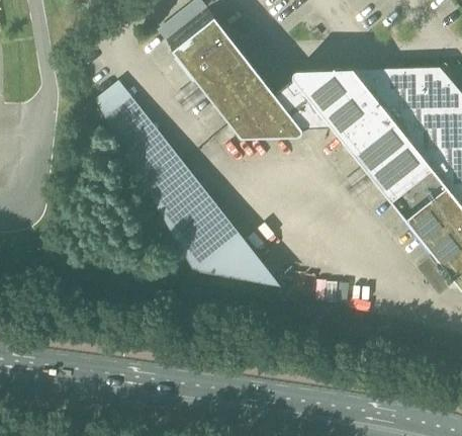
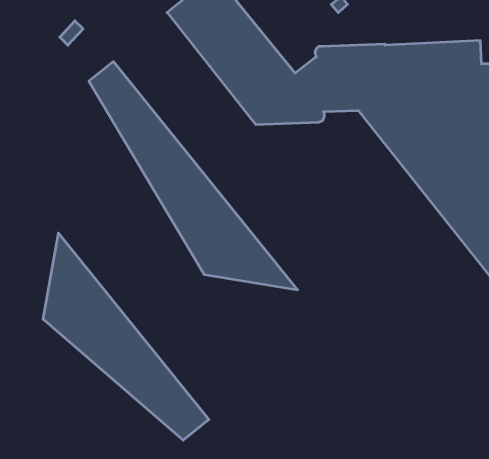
building: none -> [43,233,209,440]

